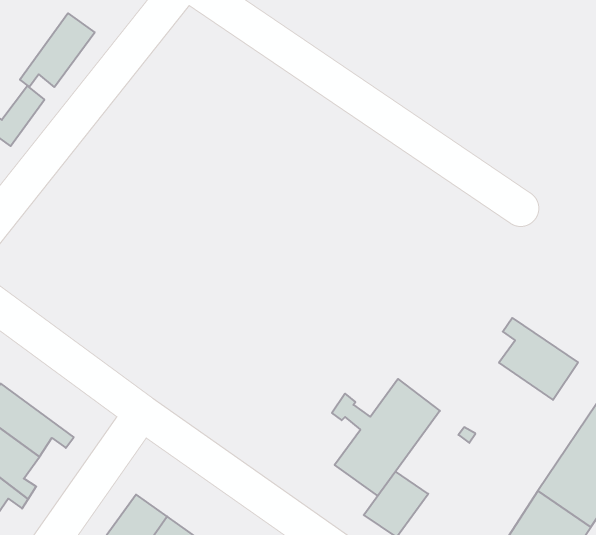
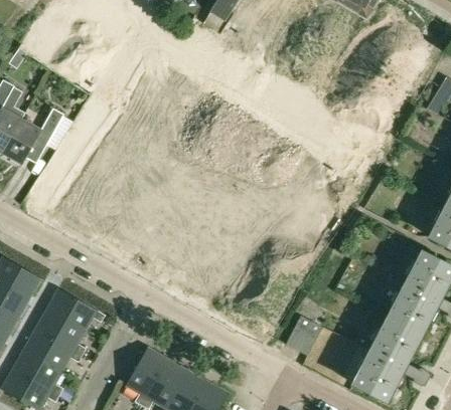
building: [20,13,95,87] -> none
building: [499,318,578,400] -> none
building: [332,379,440,496] -> none

